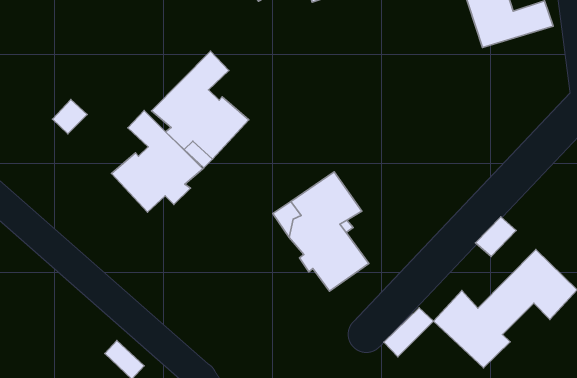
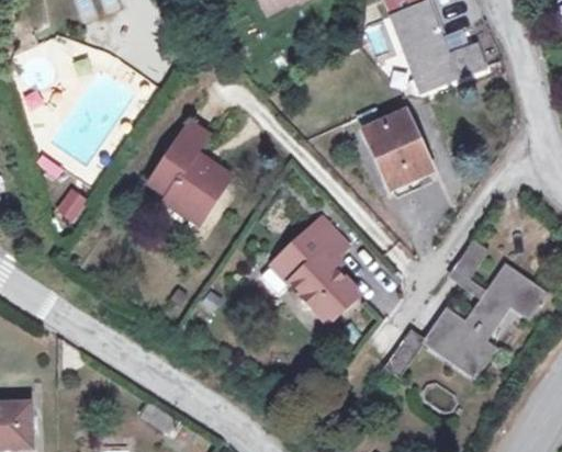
building: none -> [362,114,436,193]
building: [111,110,203,212] -> none

